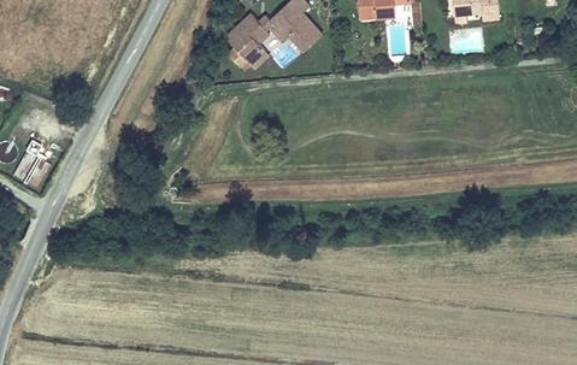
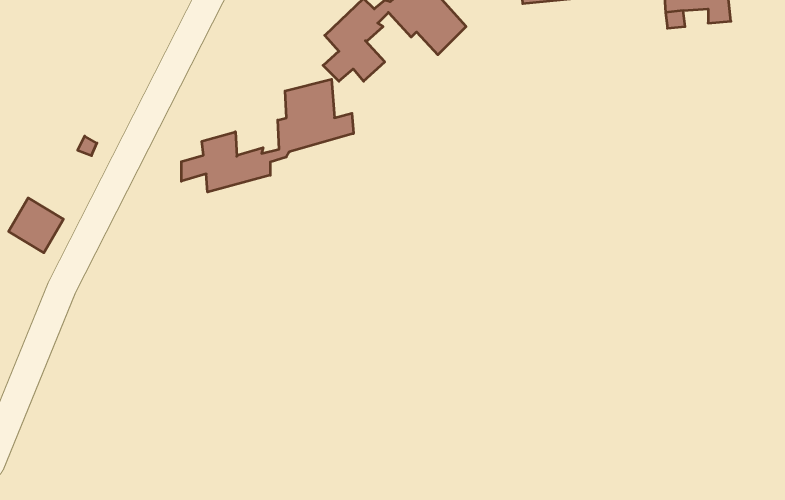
building: none -> [181,79,353,192]

